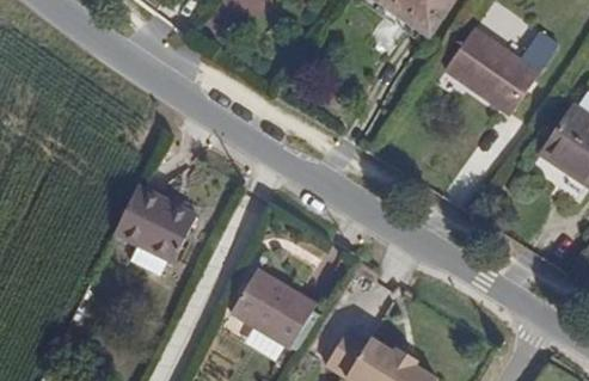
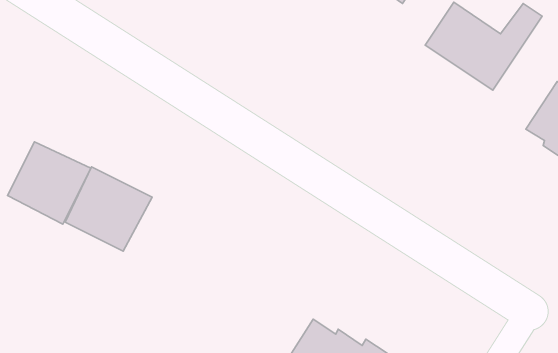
building: none -> [8,142,91,224]
building: [229,266,317,349] -> none

